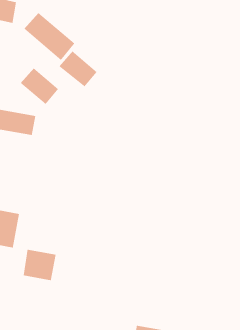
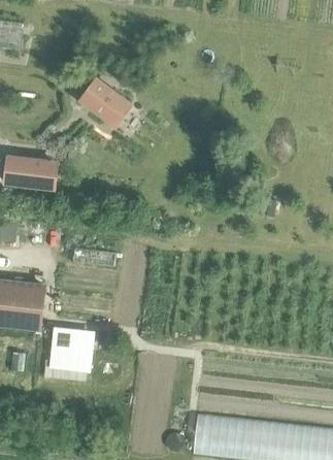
building: [23,12,75,61] -> none
building: [20,67,59,105] -> none

